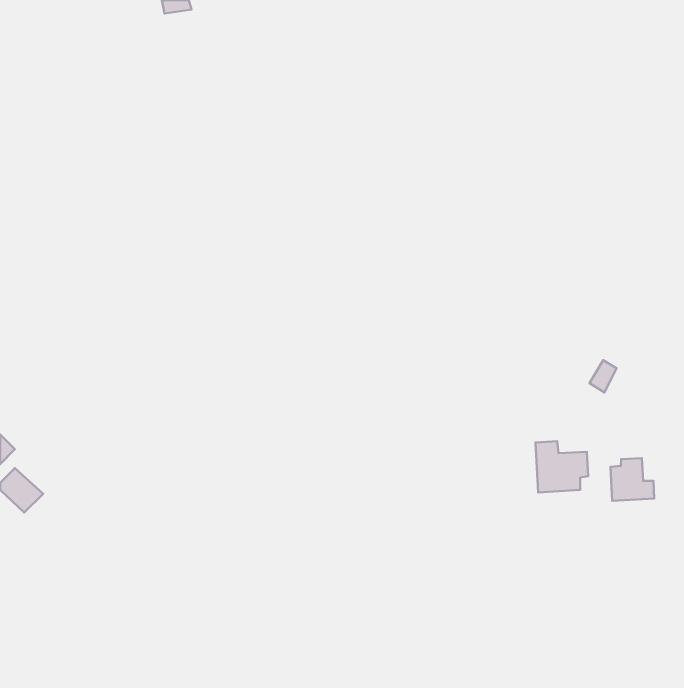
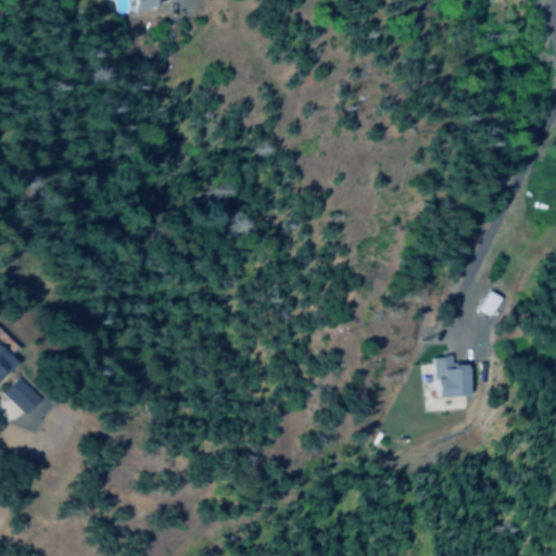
building: [610,458,654,501] -> none

